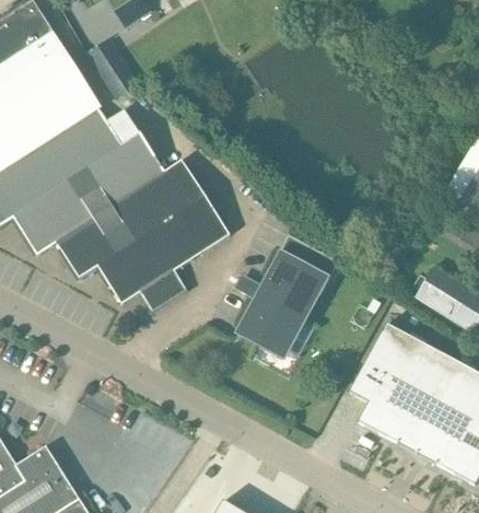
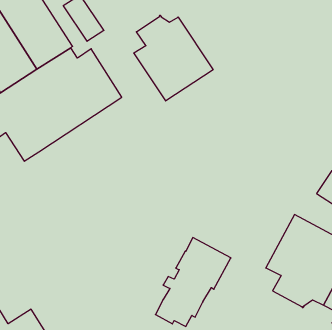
building: none -> [134,15,213,101]
building: [56,159,230,310] -> none
building: [241,233,338,348] -> [155,238,231,326]

